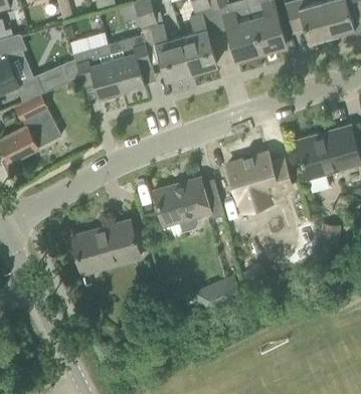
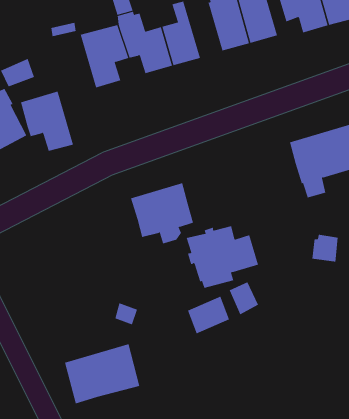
building: [73,45,122,100] -> [20,91,74,151]
building: [226,153,292,209] -> [186,226,259,288]
building: [71,221,140,275] -> [64,343,140,404]

